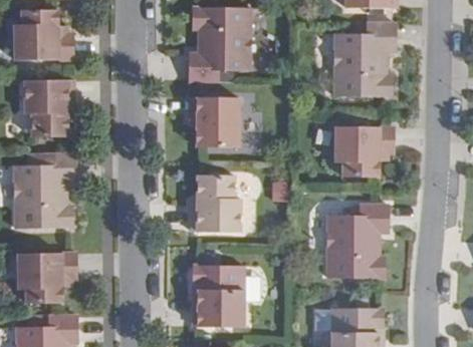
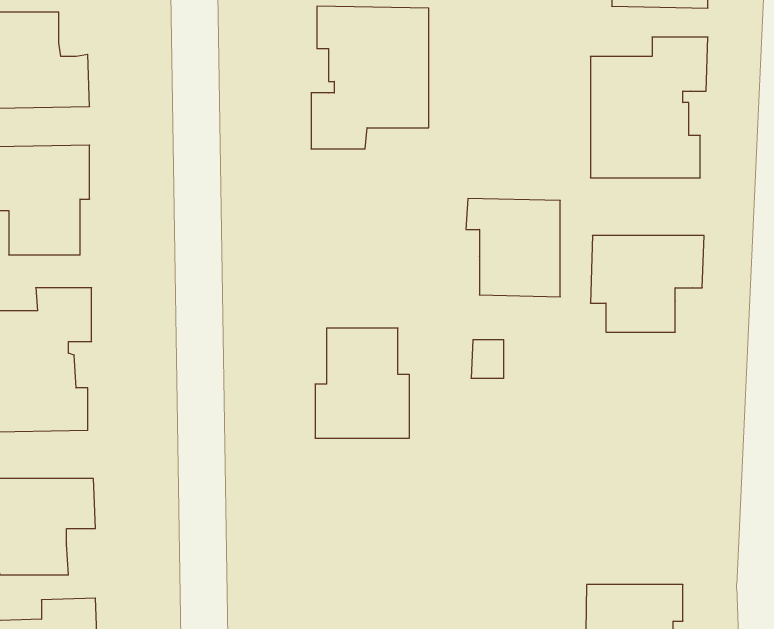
building: [189,96,238,147] -> [466,199,560,297]
building: [326,204,388,278] -> none
building: [193,265,244,327] -> none

